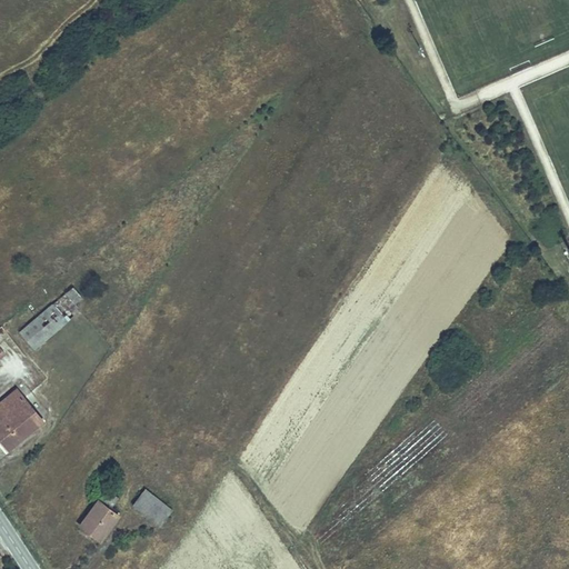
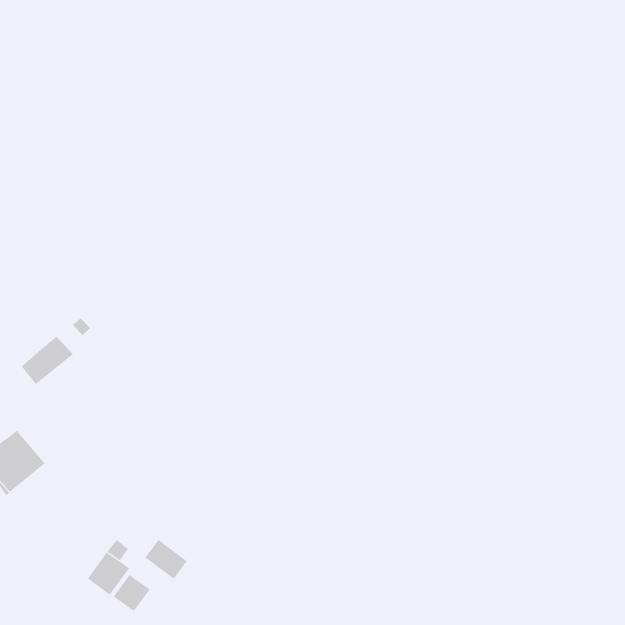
building: none -> [113,574,150,612]

